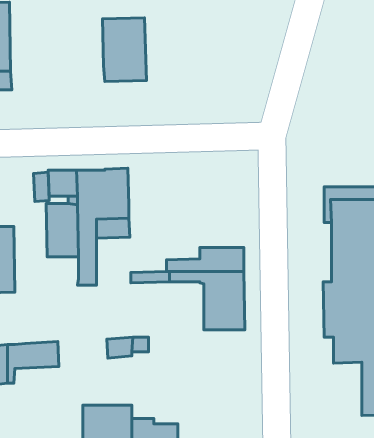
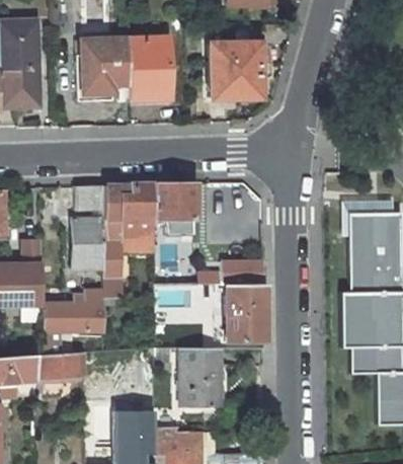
building: none -> [210,38,272,99]
building: none -> [77,40,129,102]
building: none -> [152,183,194,220]
building: none -> [43,292,105,356]
building: none -> [180,349,221,405]

